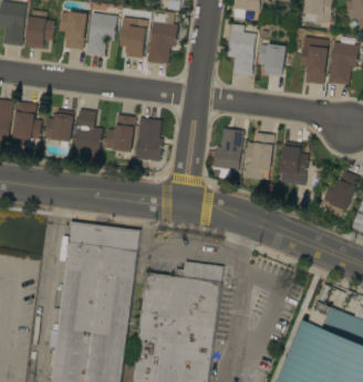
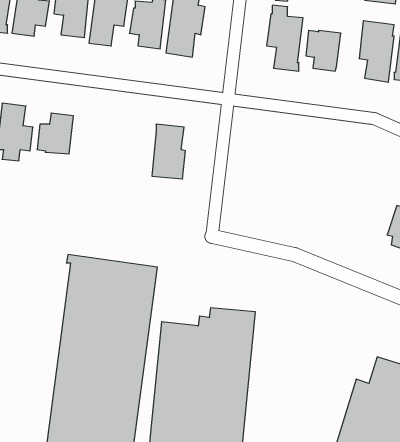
building: [74,108,103,163] -> none
building: [106,114,136,151] -> none
building: [214,128,245,180] -> none
building: [242,131,274,179] -> none
building: [279,141,308,184] -> none

